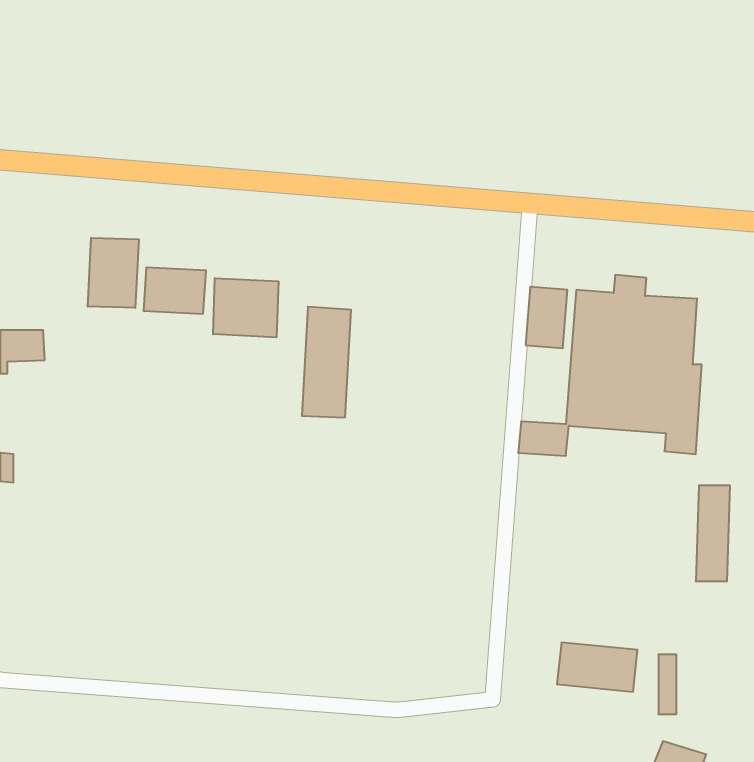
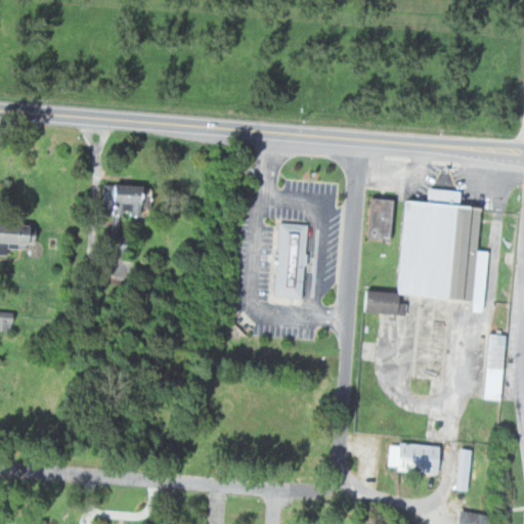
building: [88,238,139,308] -> none
building: [213,278,278,337] -> none
building: [302,307,351,417] -> [274,222,308,298]

